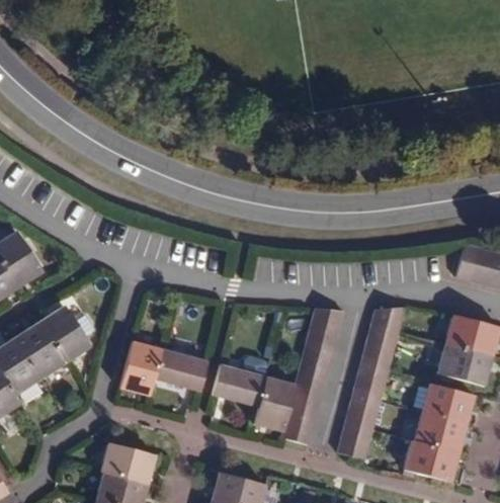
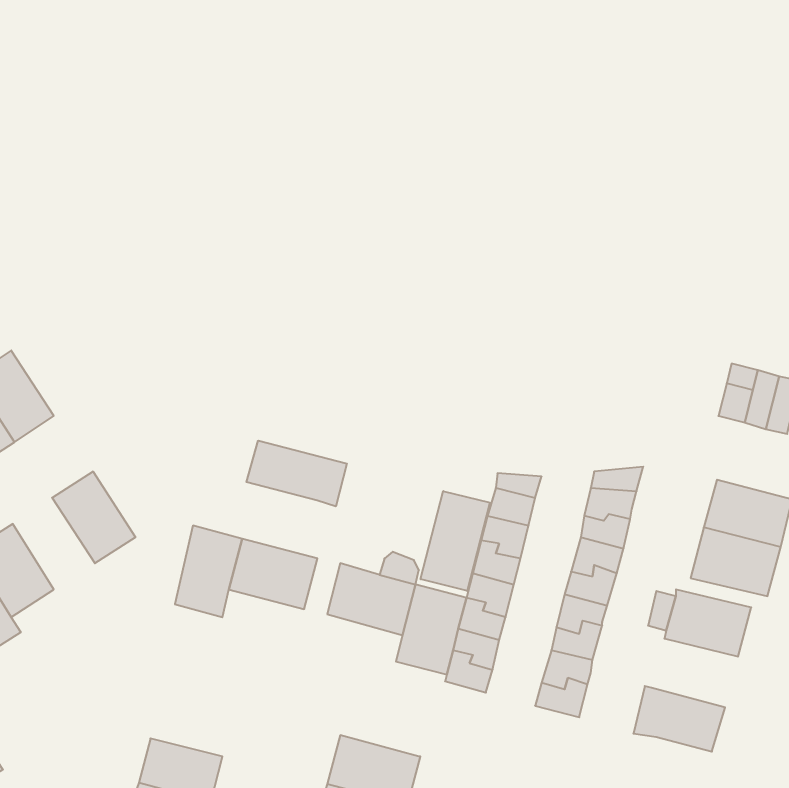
building: none -> [246,441,347,506]
building: none -> [421,491,490,591]
building: [17,323,68,380] -> none
building: [412,410,466,452] -> none
building: [96,440,155,483] -> none

